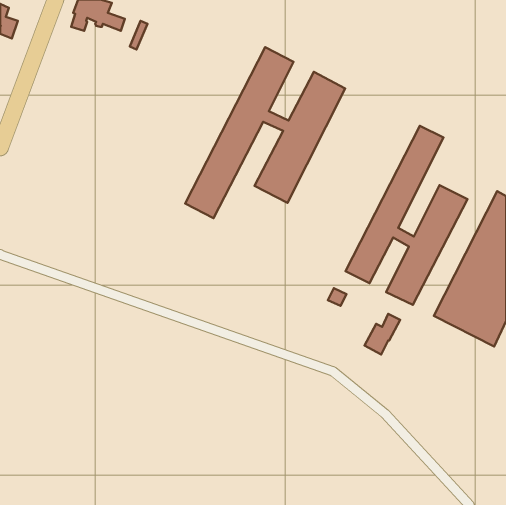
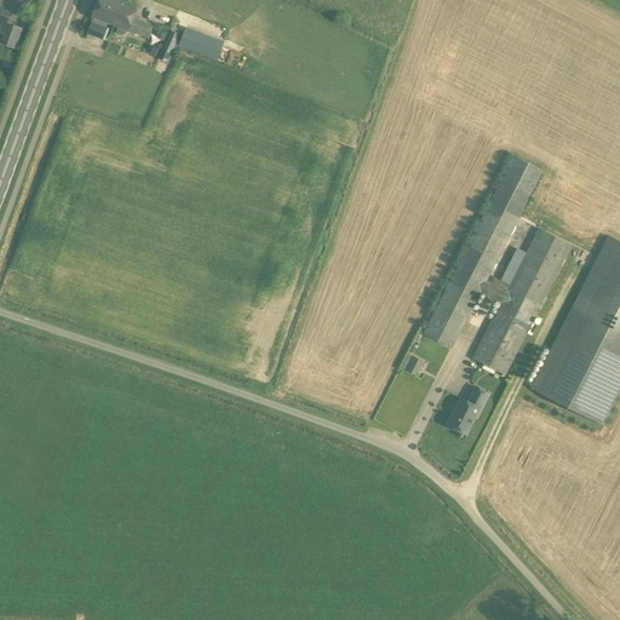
building: none -> [179,27,222,58]
building: [185,47,345,218] -> none

